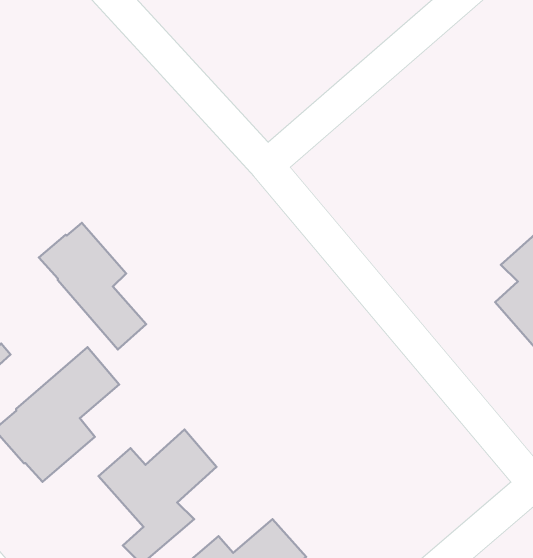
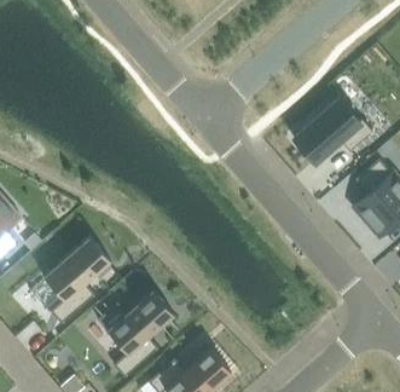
building: none -> [292,98,372,162]
building: [39,223,146,350] -> none

